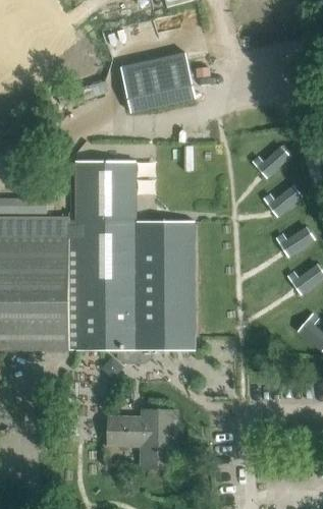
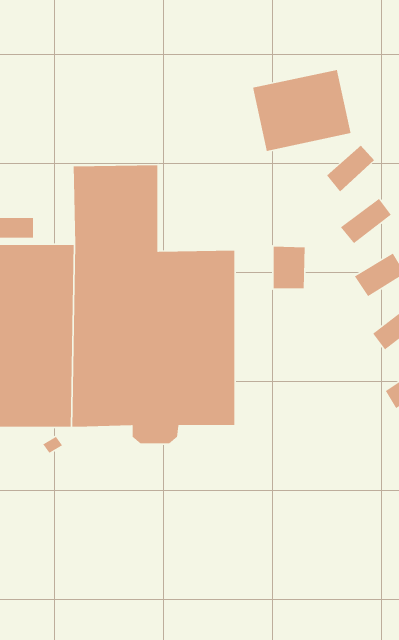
building: [121,51,194,111] -> [252,69,351,152]
building: none -> [273,246,305,289]
building: [107,410,174,467] -> none

